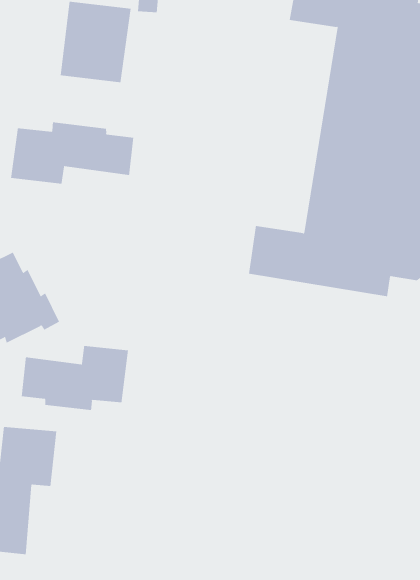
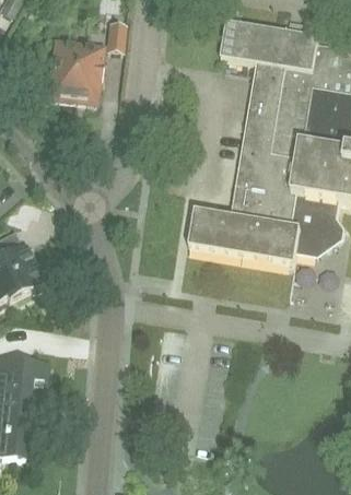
building: [10,121,134,185] -> none
building: [21,345,128,411] -> none

